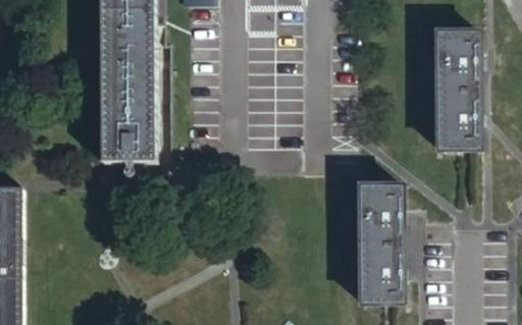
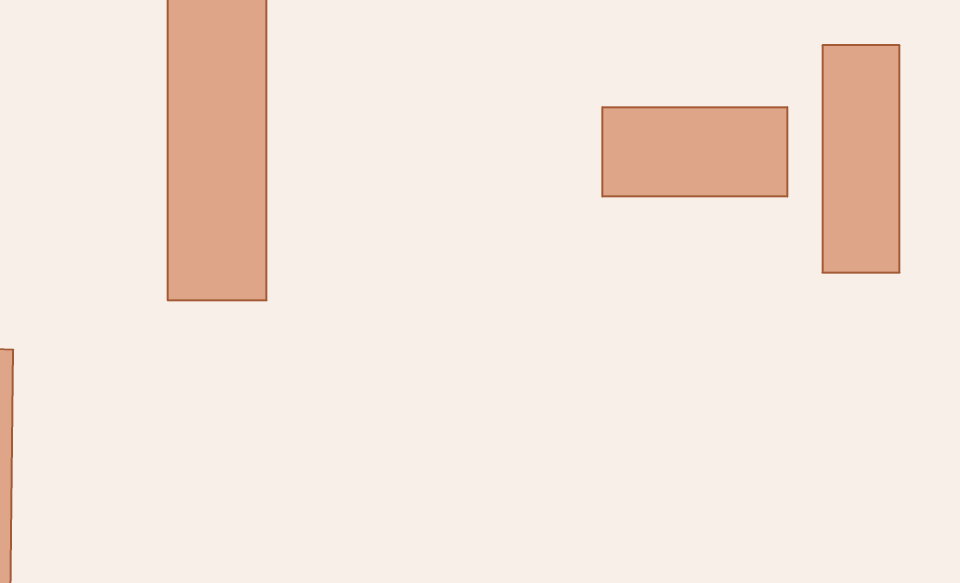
building: none -> [602,107,787,197]
building: [359,179,401,299] -> none

